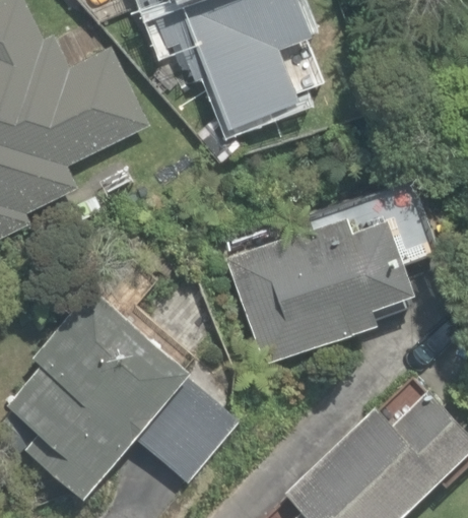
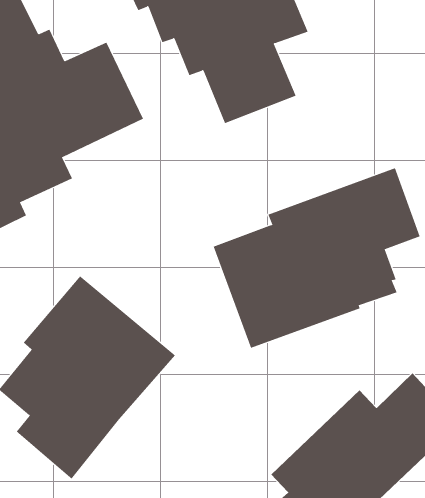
building: [129,371,240,484] -> none

